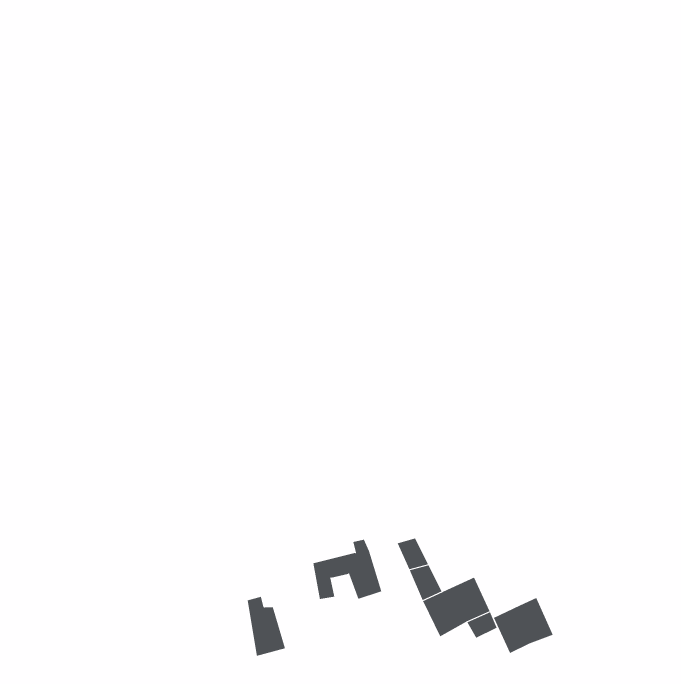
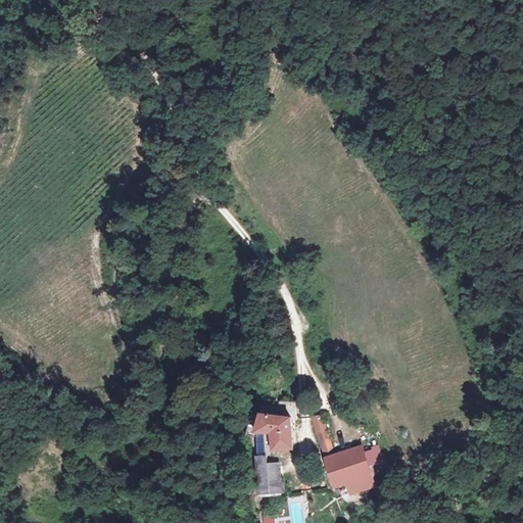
building: [247,596,286,657] -> [257,459,287,505]
building: [493,597,553,654] -> none

